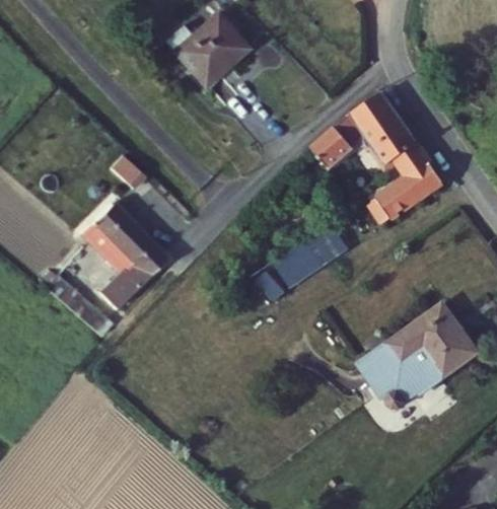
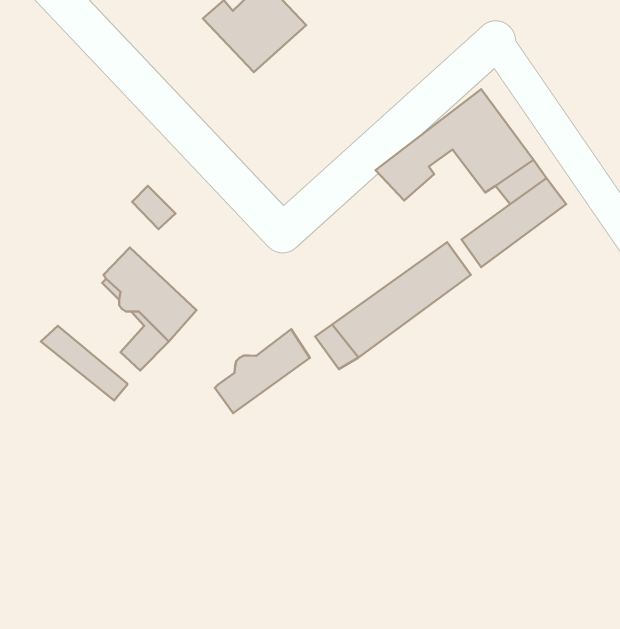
building: none -> [215,329,310,413]
building: [356,305,473,412] -> none

